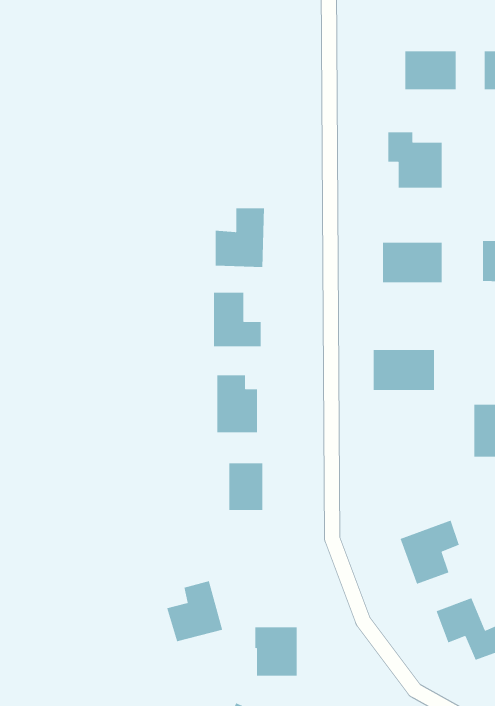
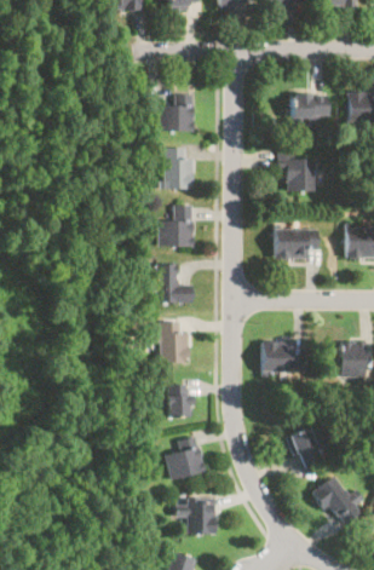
building: none -> [160,96,194,132]
building: none -> [165,149,194,188]
building: [373,349,435,391] -> [263,342,306,372]
building: [166,580,223,642] -> [166,436,206,479]

